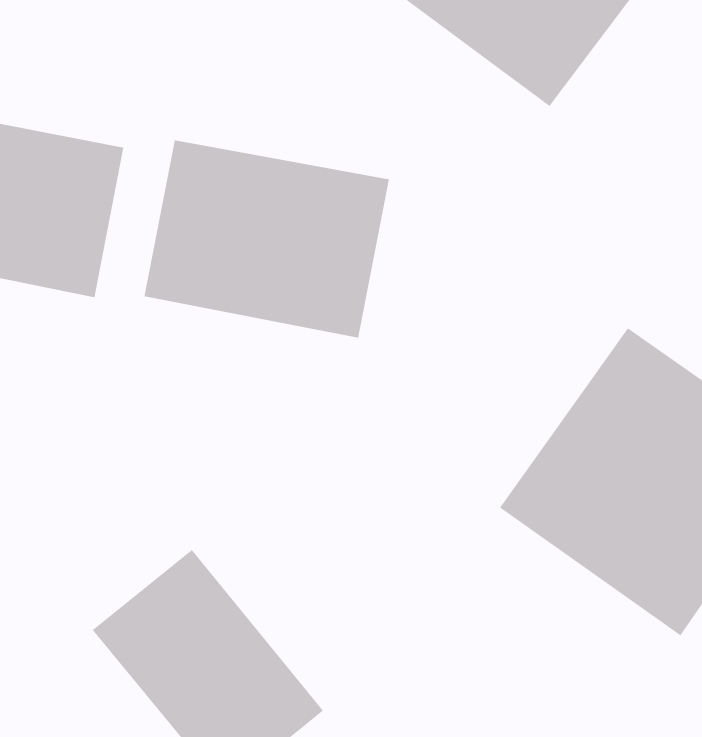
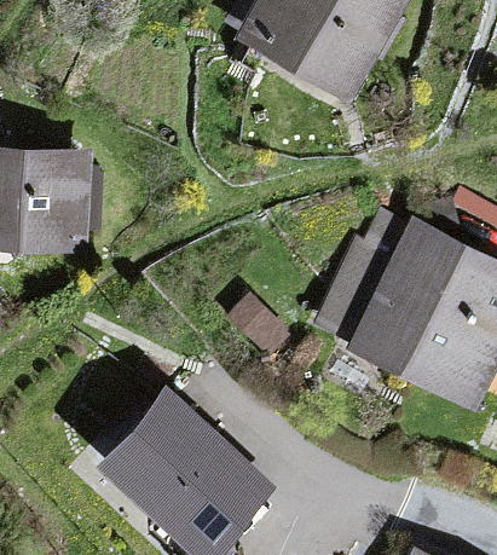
building: [144,139,389,339] -> none

